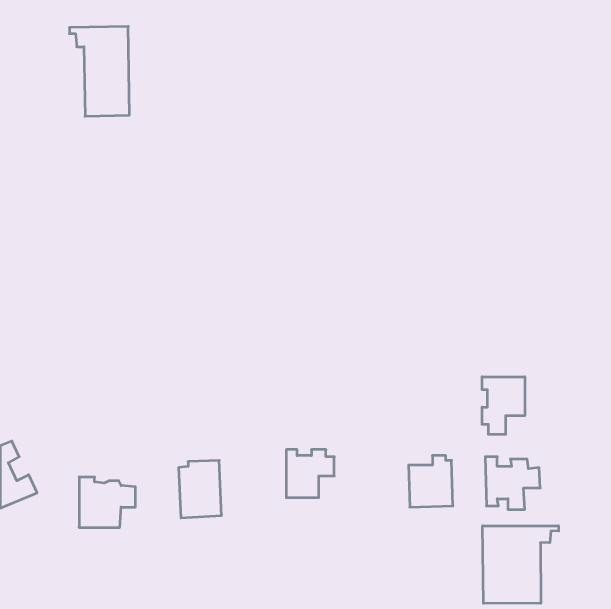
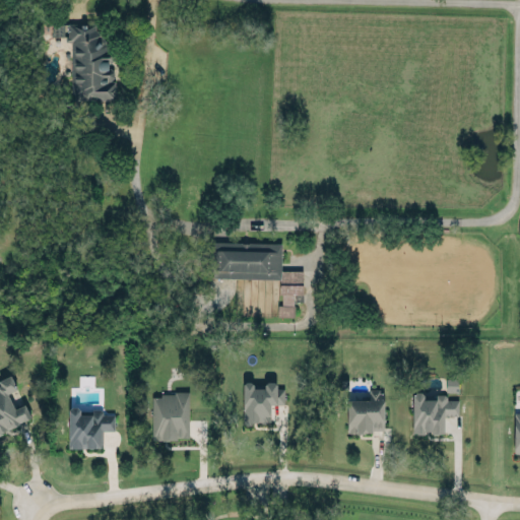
building: none -> [209,244,304,319]
building: [482,377,525,434] -> none
building: [483,526,559,603] -> none

